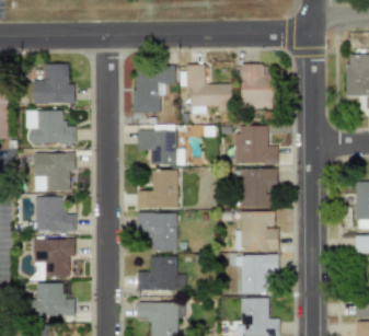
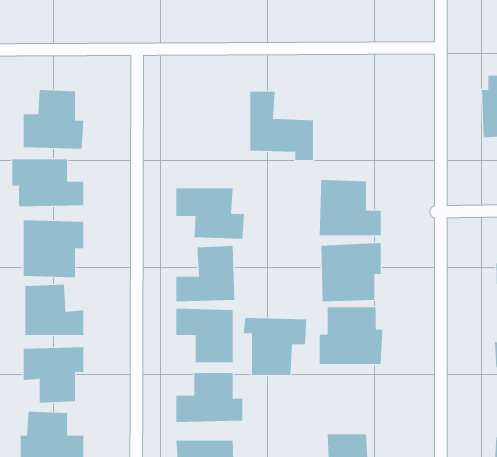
building: [241,65,276,108] -> none
building: [135,67,176,113] -> none
building: [235,254,279,293] -> [243,318,307,375]

